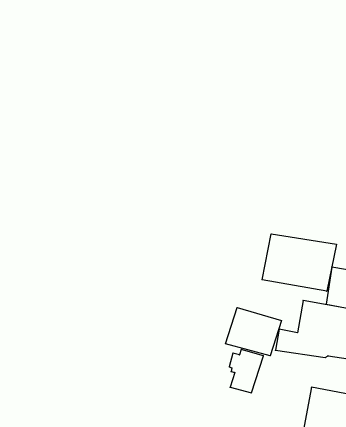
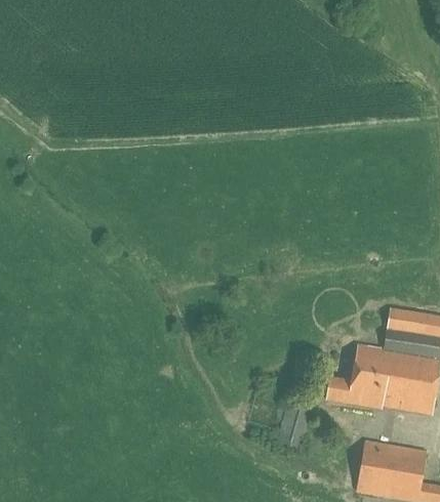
building: [262,234,336,291] -> none
building: [226,308,281,356] -> none

